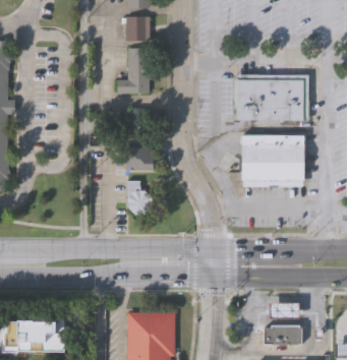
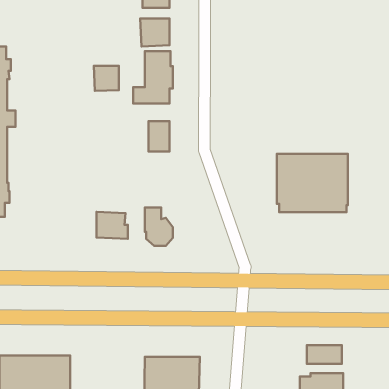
building: none -> [94,66,119,91]
building: [233,73,307,121] -> none
building: [126,147,154,171] -> [96,212,128,239]

